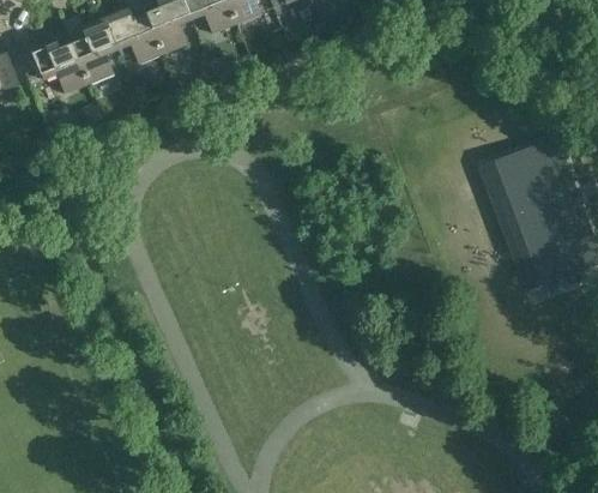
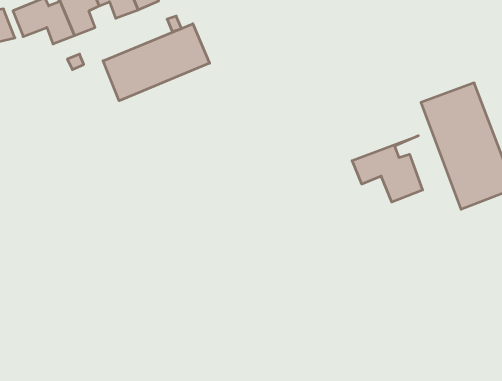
building: none -> [103,24,210,101]
building: none -> [352,136,423,202]

